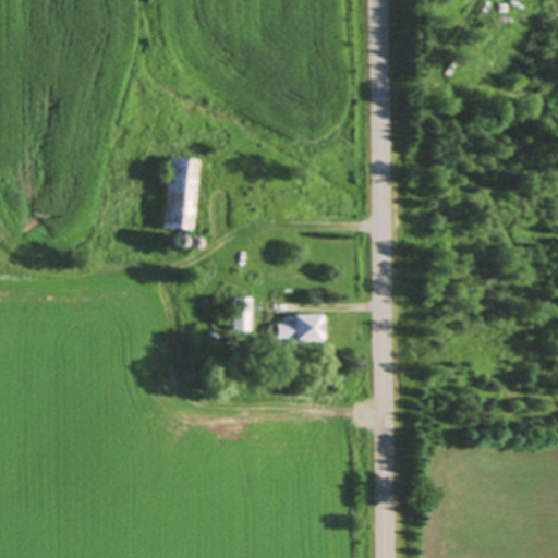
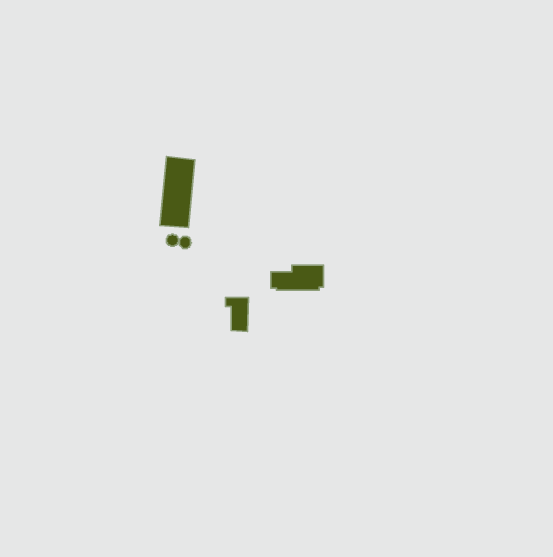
building: [275,316,327,341] -> [271,265,323,290]

